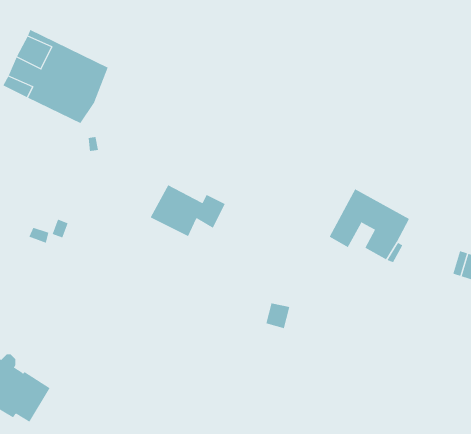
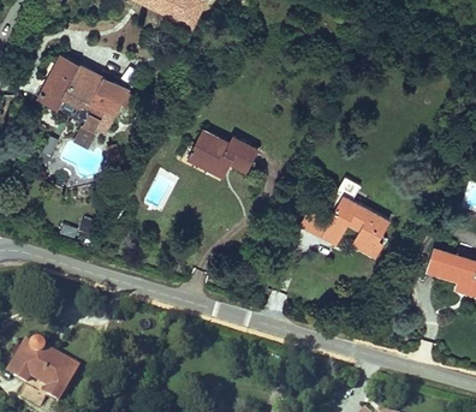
building: [150,184,226,237] -> [186,132,252,178]

